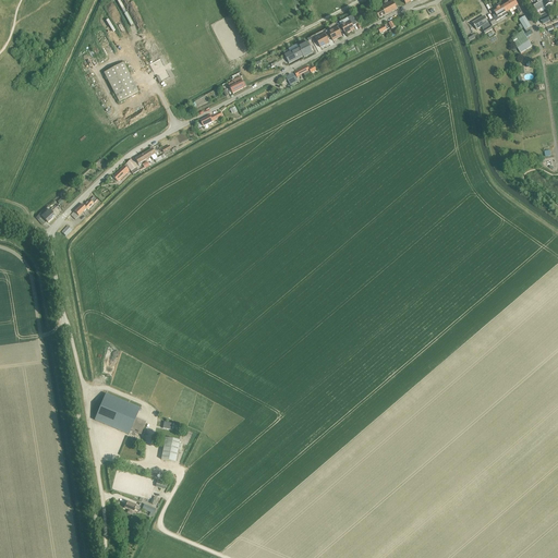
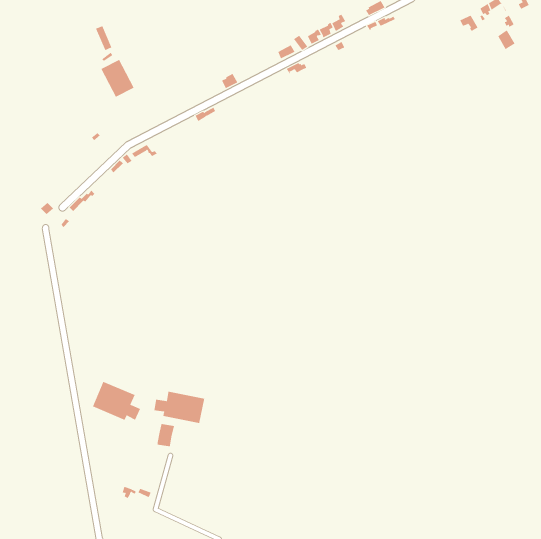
building: none -> [154,391,205,424]

